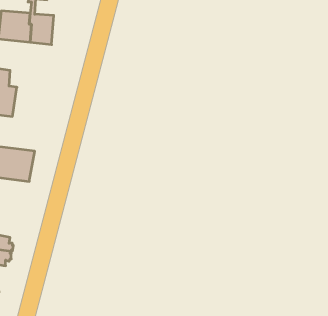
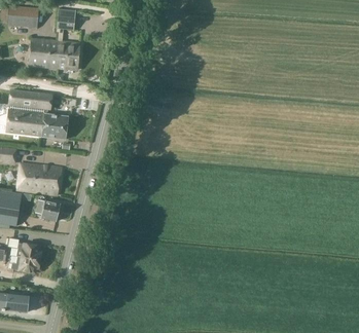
building: none -> [38,94,68,139]
building: none -> [35,199,61,221]

